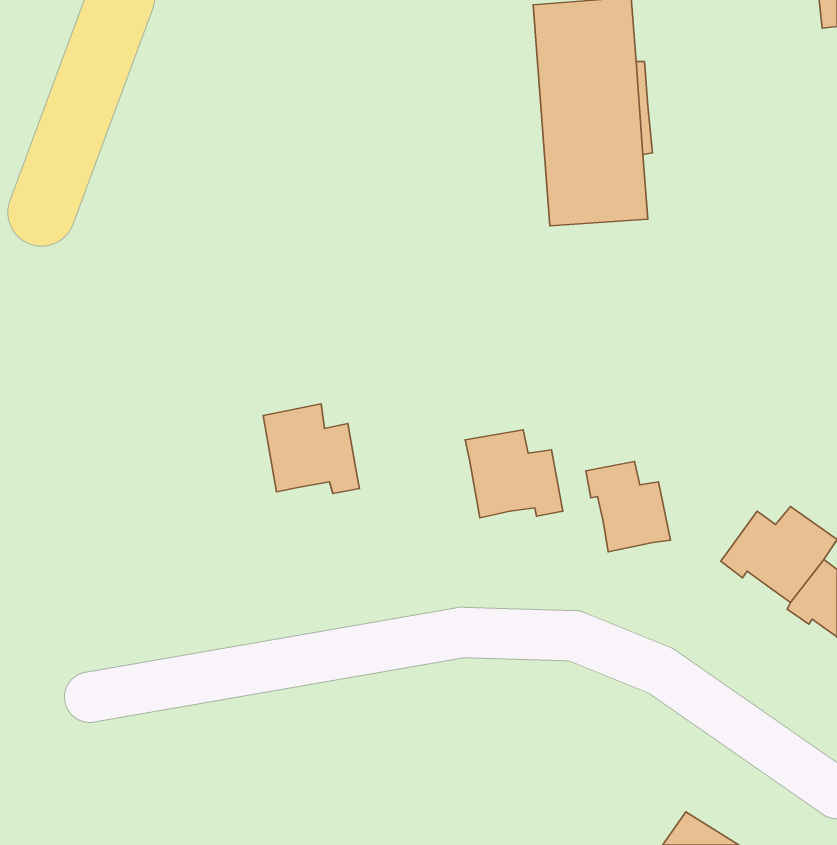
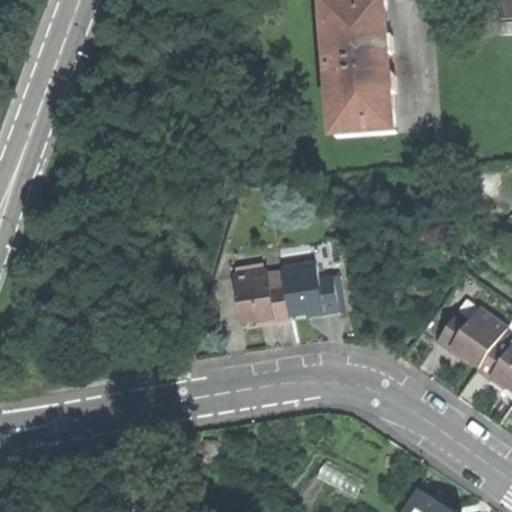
building: [263,404,359,493] -> [232,266,290,320]
building: [586,462,670,552] -> none

